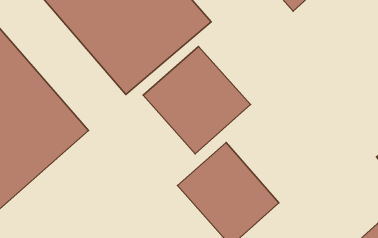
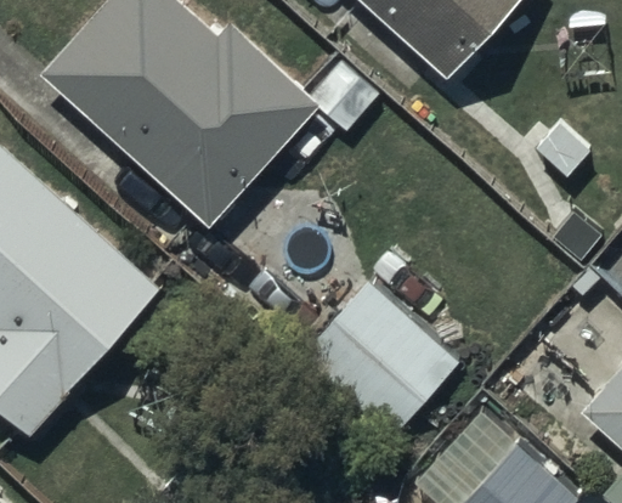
building: [143,46,251,154] -> none

